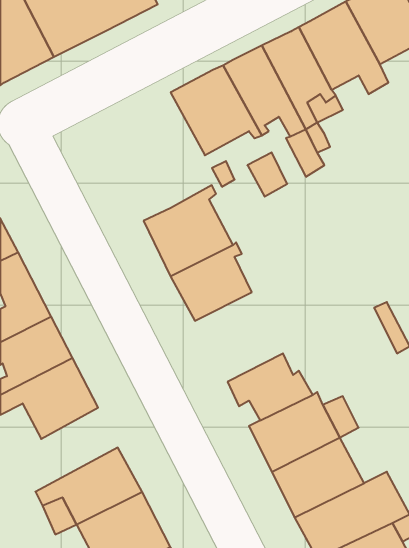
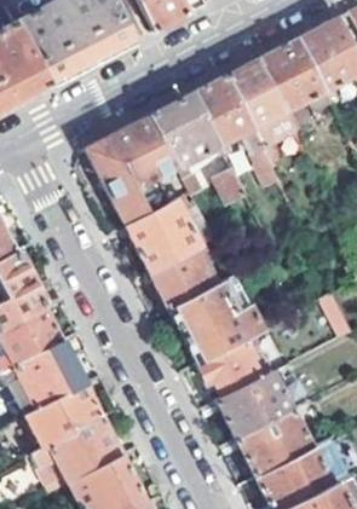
building: none -> [84,115,175,224]
building: none -> [167,274,275,360]
building: none -> [19,382,102,456]

